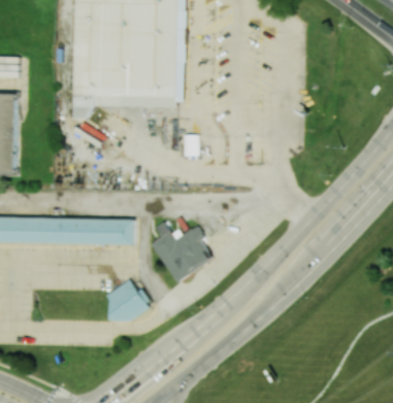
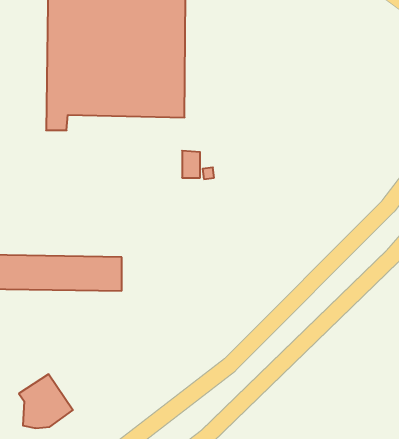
building: [150,222,210,281] -> none
building: [105,279,149,323] -> [19,374,73,428]

